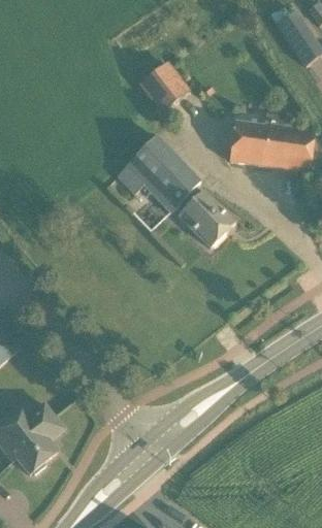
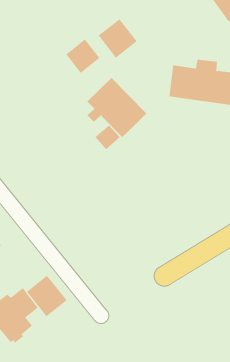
building: none -> [65,39,100,74]
building: [176,190,234,246] -> none
building: none -> [26,275,67,317]

